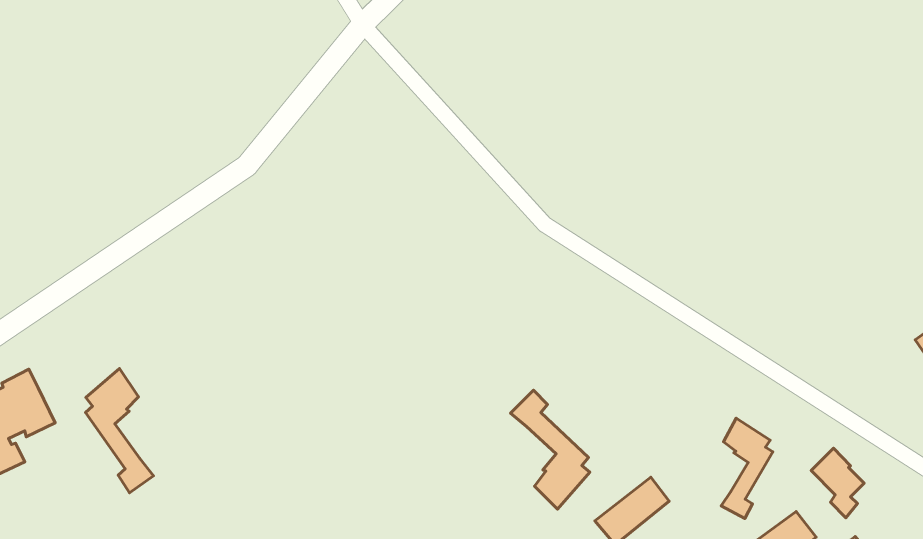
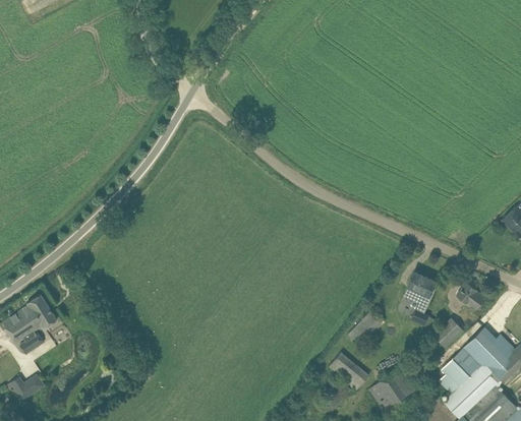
building: [85,368,153,493] -> none
building: [510,390,590,509] -> none

